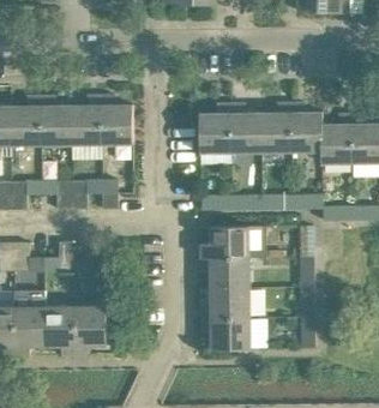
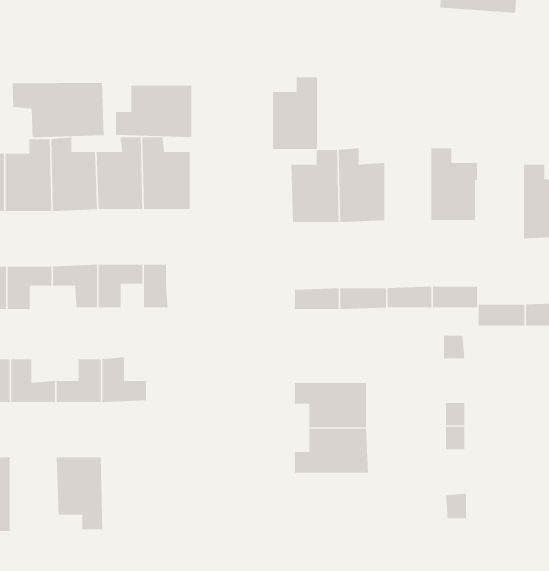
building: none -> [12,82,104,138]
building: none -> [115,85,192,138]
building: [261,103,291,151] -> [272,77,318,150]
building: [321,114,353,163] -> none
building: [201,226,266,258] -> none
building: [14,292,46,356] -> none
building: [74,306,107,355] -> none
building: [201,318,251,349] -> none

